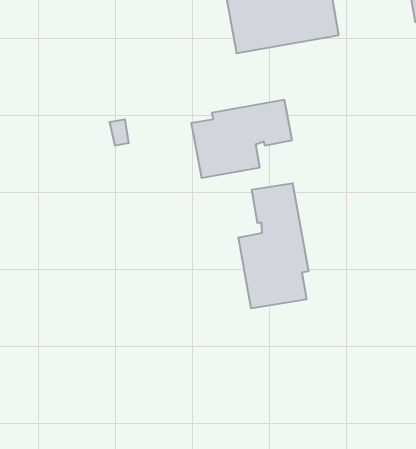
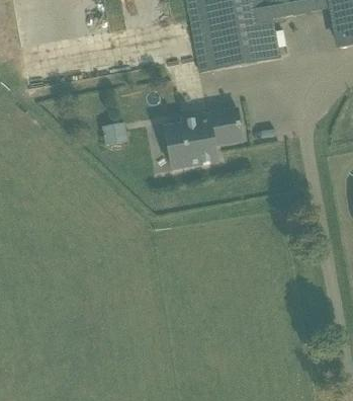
building: [239,183,308,308] -> none

